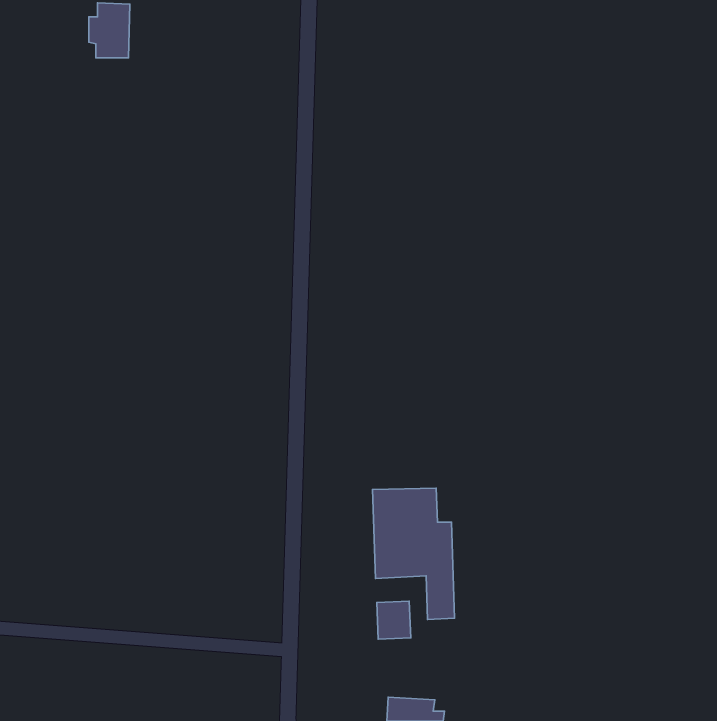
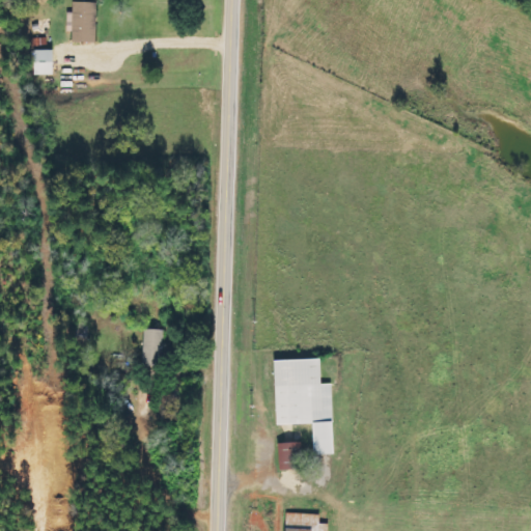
building: none -> [31,50,54,76]
building: none -> [141,329,162,367]

